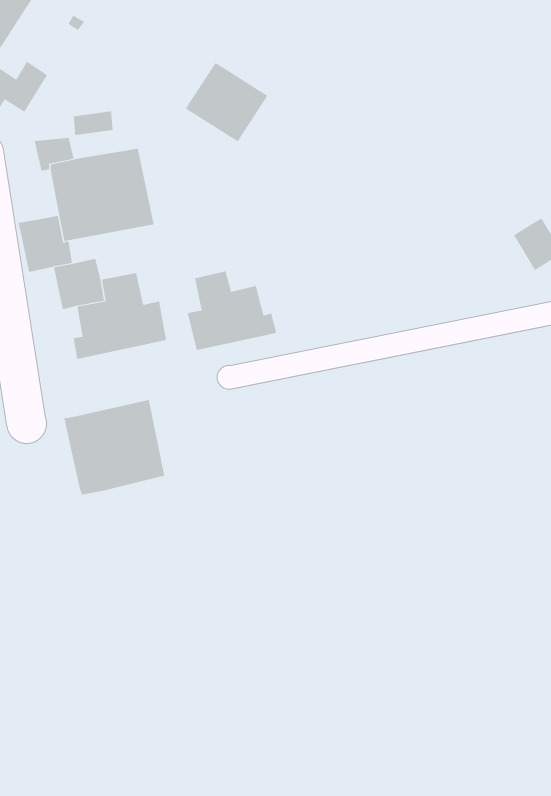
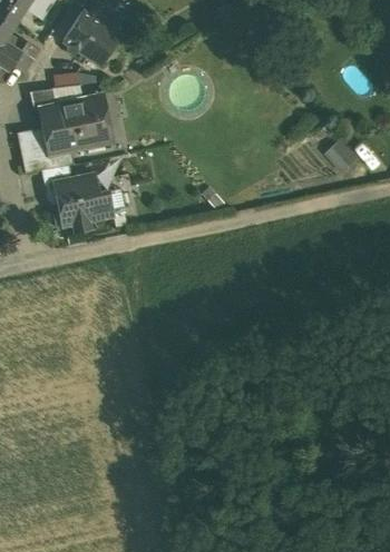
building: [185,62,268,142] -> [64,10,116,60]
building: [187,270,277,351] -> none
building: [64,399,165,496] -> none

